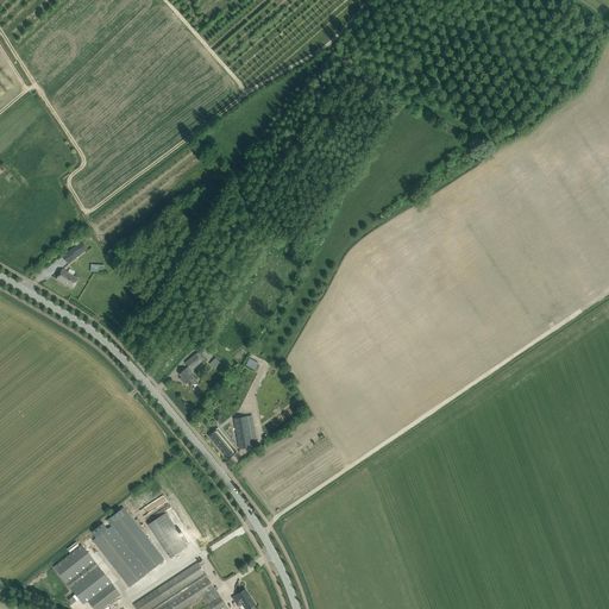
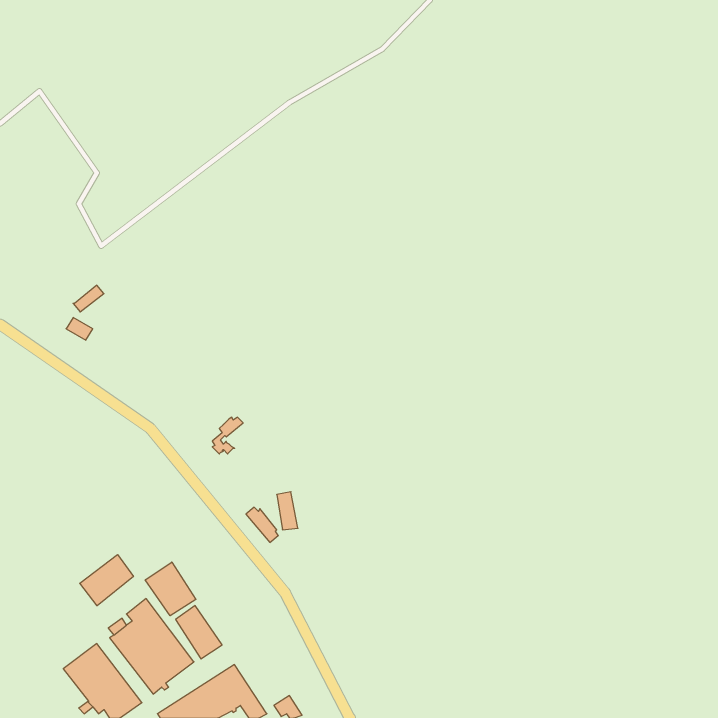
building: none -> [80,555,133,606]
building: none -> [145,562,196,616]

